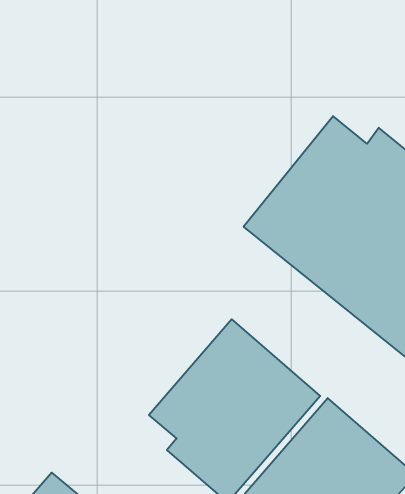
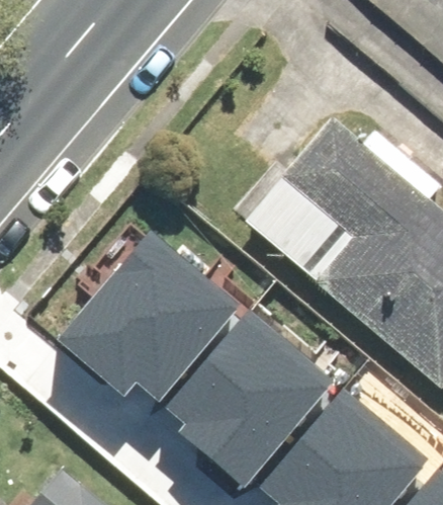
building: none -> [62,240,234,403]

